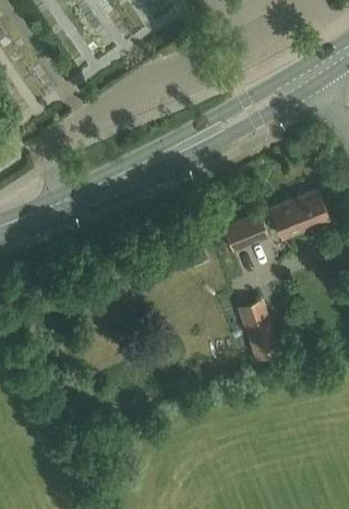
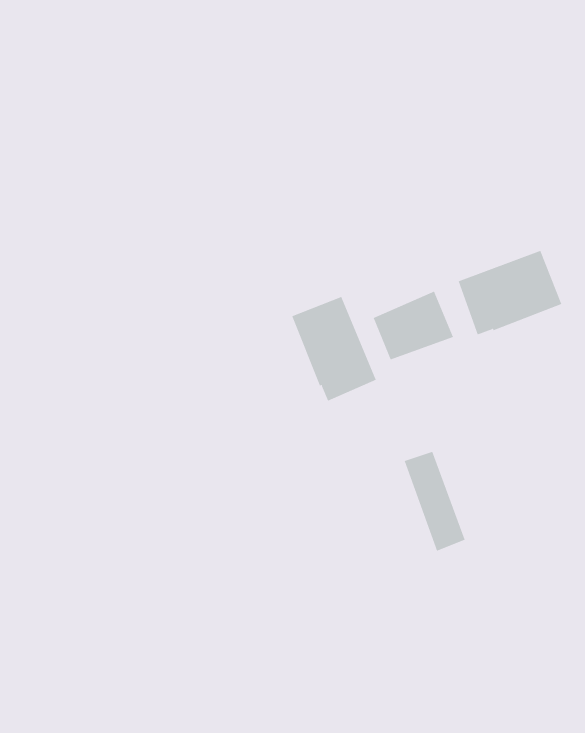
building: none -> [291,296,377,401]

